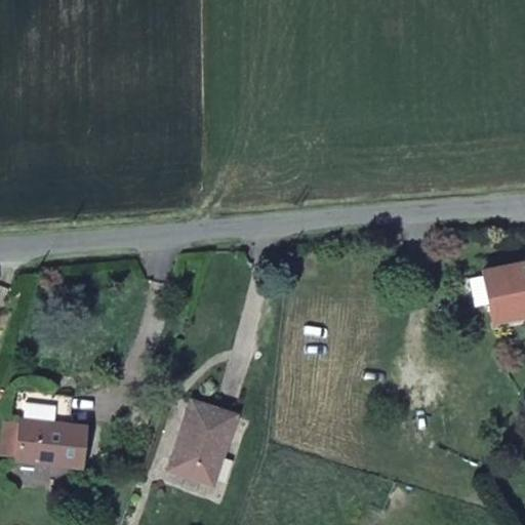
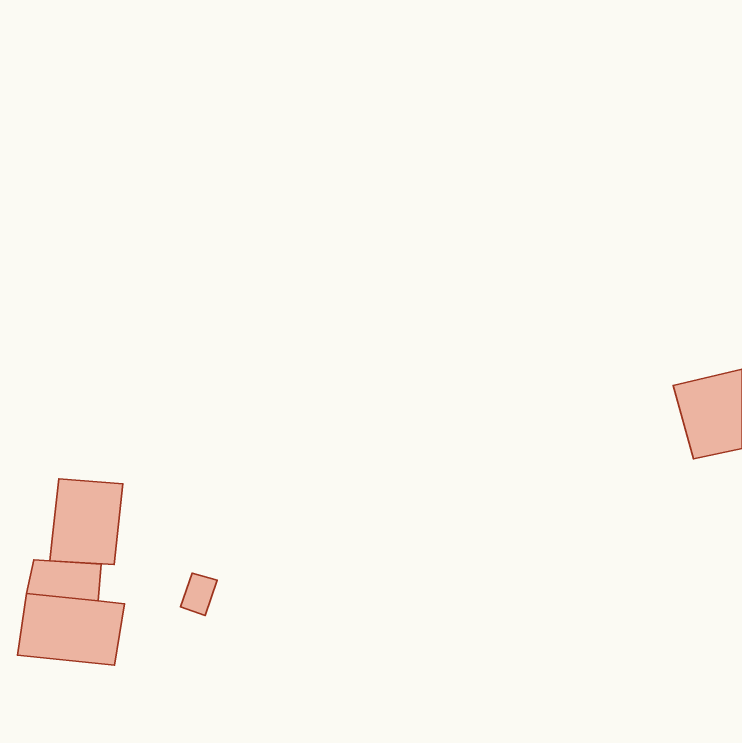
building: none -> [50,479,123,565]
building: [171,406,237,486] -> none

